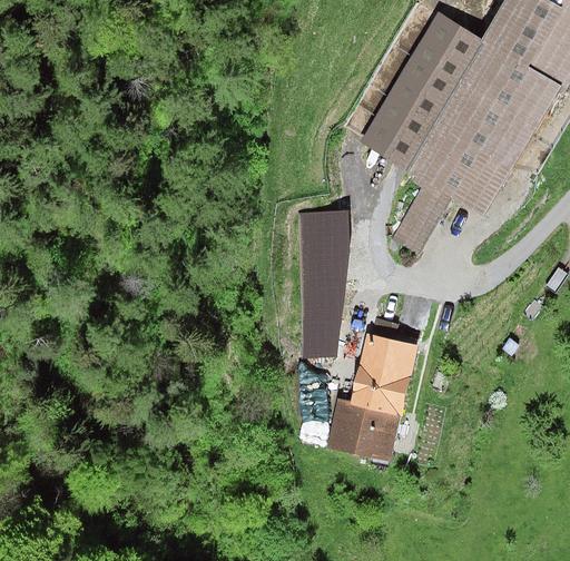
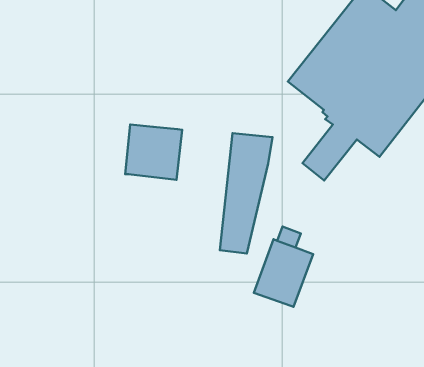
building: none -> [125,125,182,180]
building: [325,397,399,459] -> none

